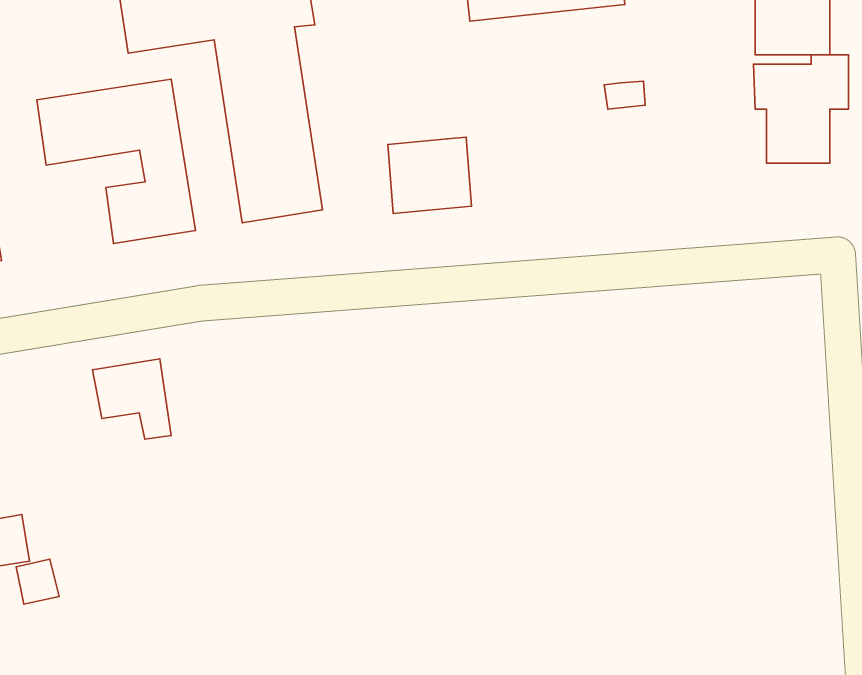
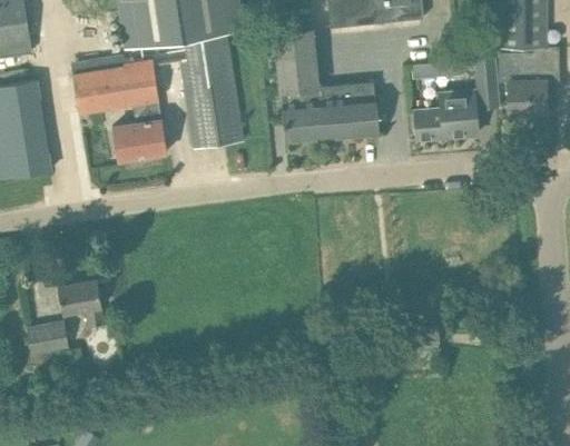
building: none -> [275,29,317,101]
building: none -> [475,58,497,106]
building: none -> [414,89,478,139]
building: none -> [328,92,380,138]
building: [93,359,171,439] -> [57,279,104,327]

